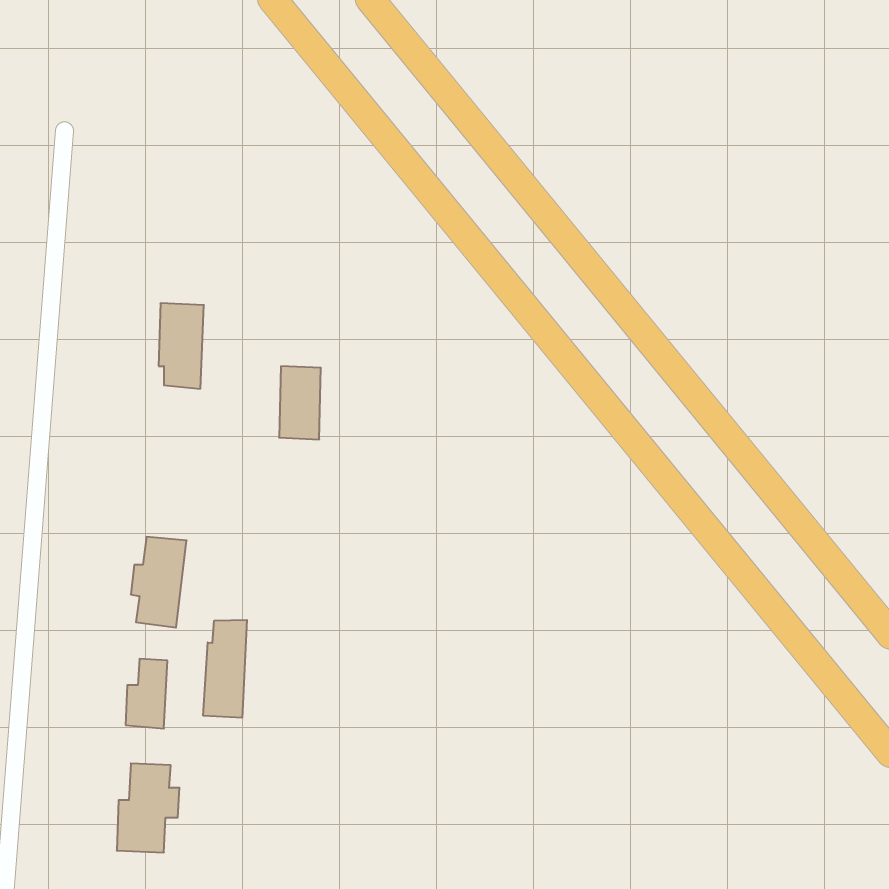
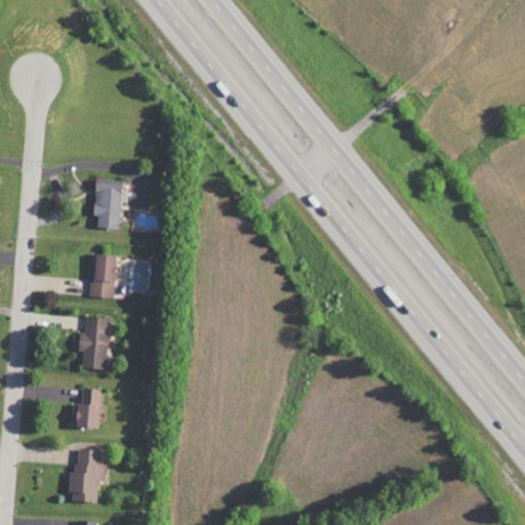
building: [279,366,321,439] -> [90,254,115,297]
building: [203,620,247,718] -> none

